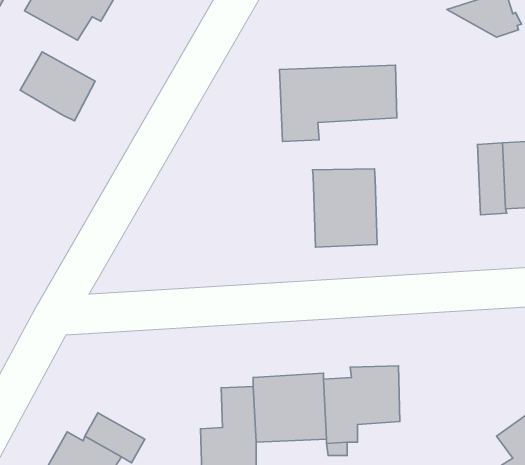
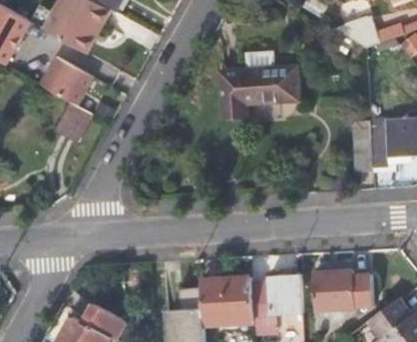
building: none -> [54,101,91,140]
building: [313,169,377,247] -> none
building: none -> [313,269,371,309]

